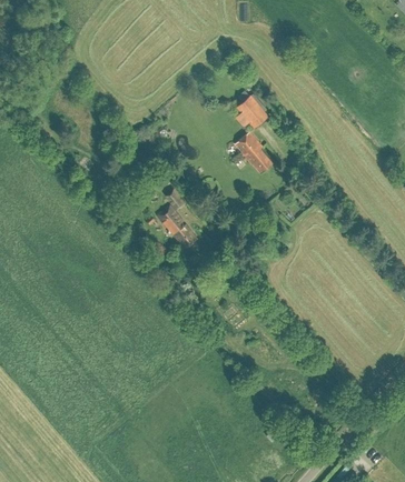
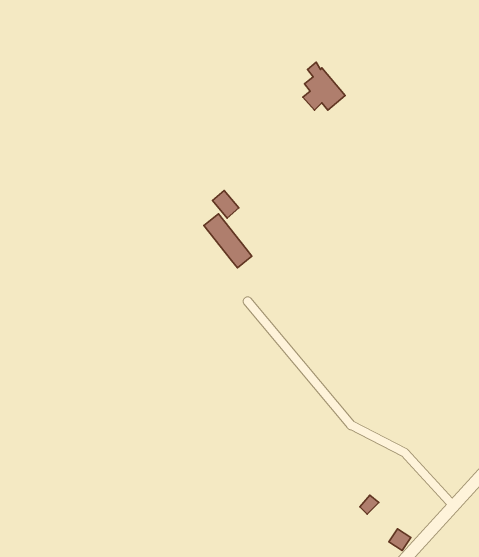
building: [235,132,271,173] -> none

